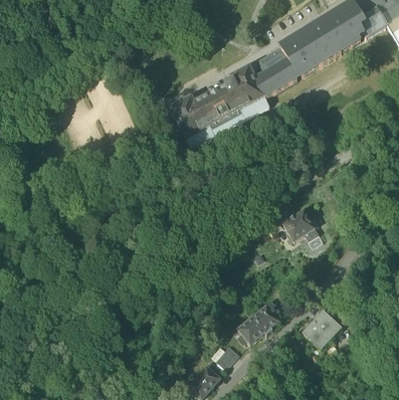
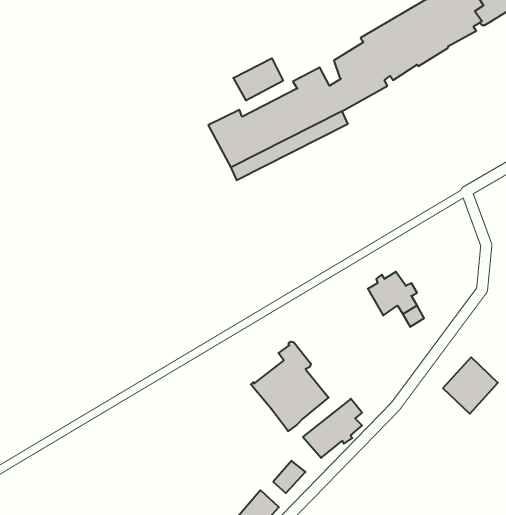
building: none -> [233,58,283,101]
building: none -> [251,342,329,431]
building: [302,309,341,349] -> [443,357,498,414]

